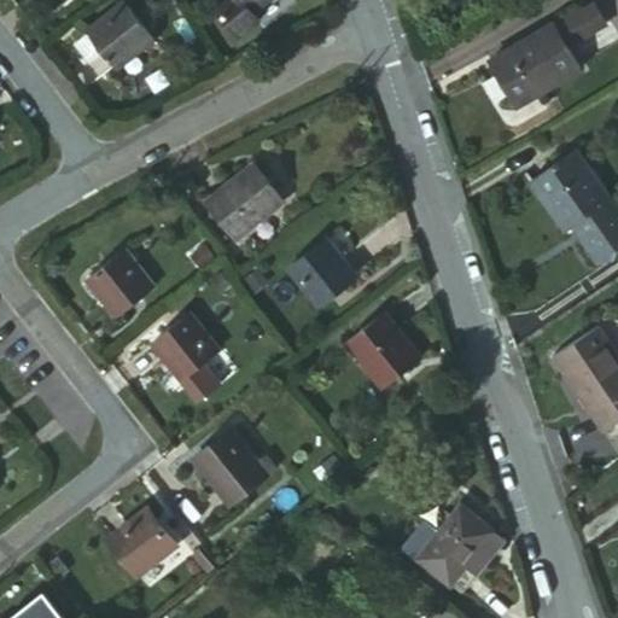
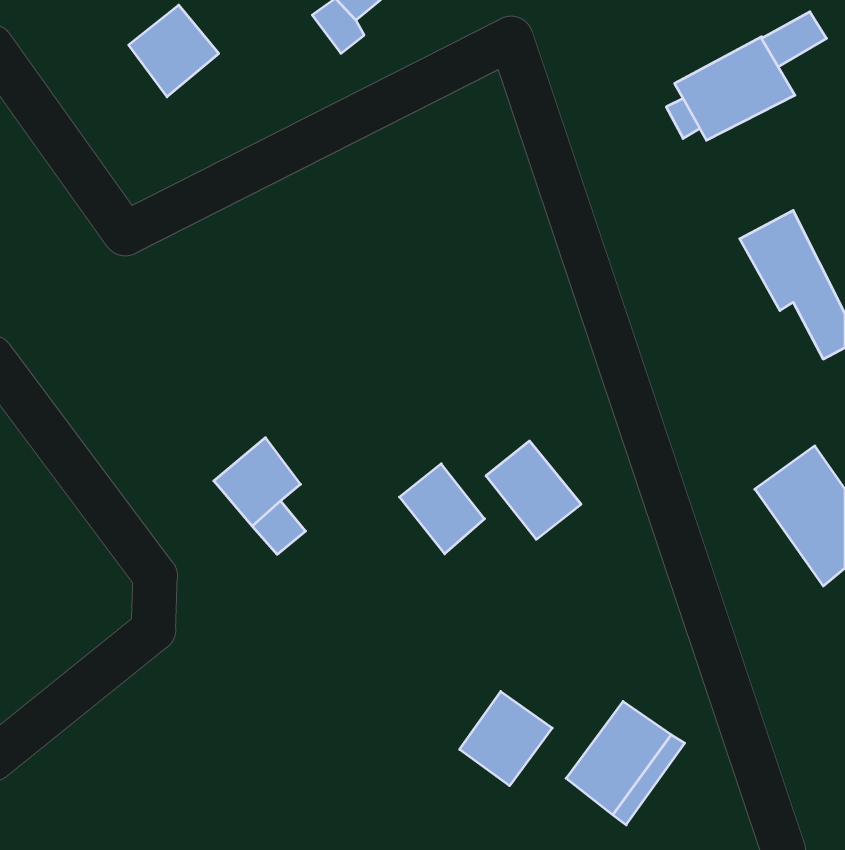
building: [214,169,286,239] -> none
building: [296,245,357,310] -> [399,464,485,554]
building: [84,252,150,313] -> none
building: [196,432,266,501] -> none
building: none -> [460,691,552,786]
building: [107,509,173,571] -> none

